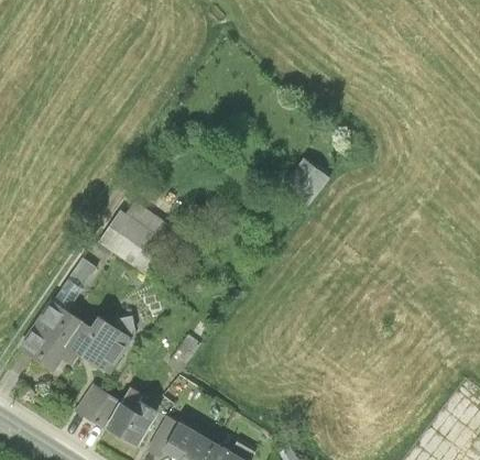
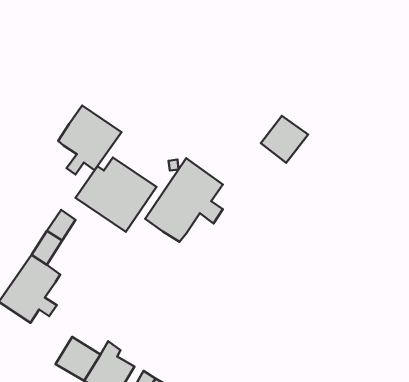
building: none -> [58,106,121,174]
building: none -> [145,158,223,242]
building: [66,314,132,371] -> none

